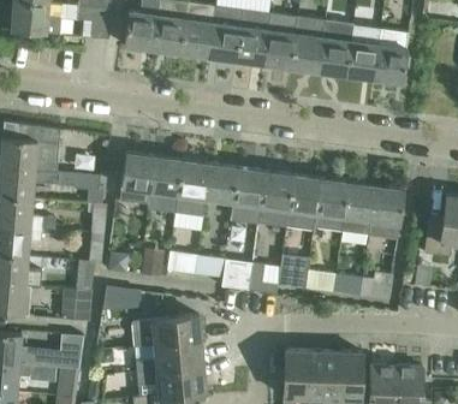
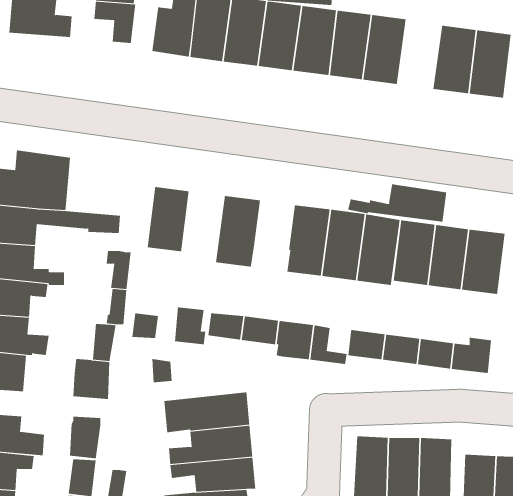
building: [317,20,352,76] -> none
building: none -> [347,184,447,222]
building: [145,156,180,213] -> none
building: [204,164,236,203] -> none

